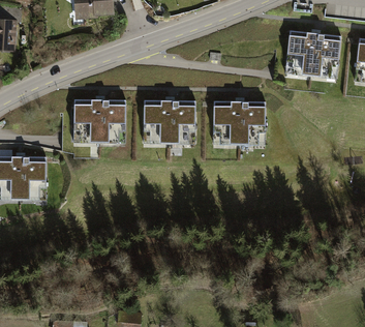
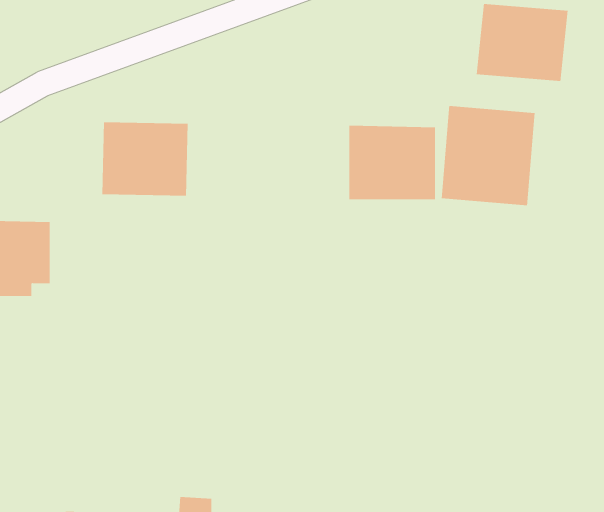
building: none -> [441,105,535,206]
building: [143,102,193,145] -> none

